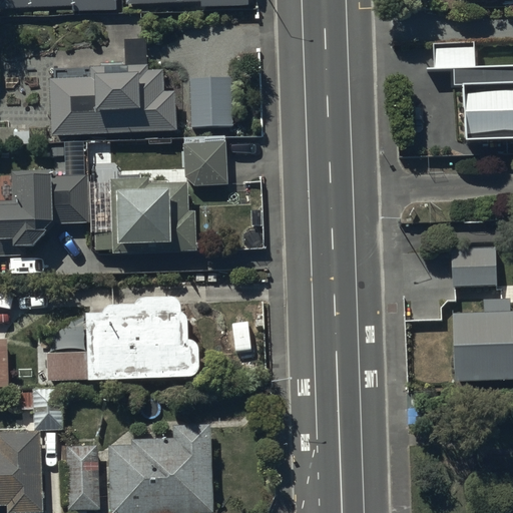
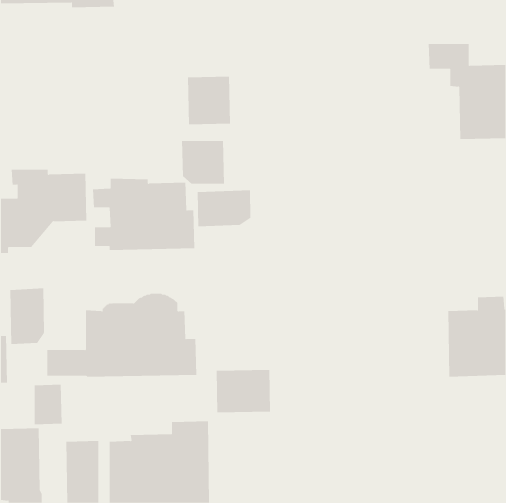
building: [50,39,176,134] -> none
building: none -> [197,189,251,227]
building: [451,247,497,287] -> none
building: none -> [10,288,44,345]
building: none -> [216,369,271,413]

